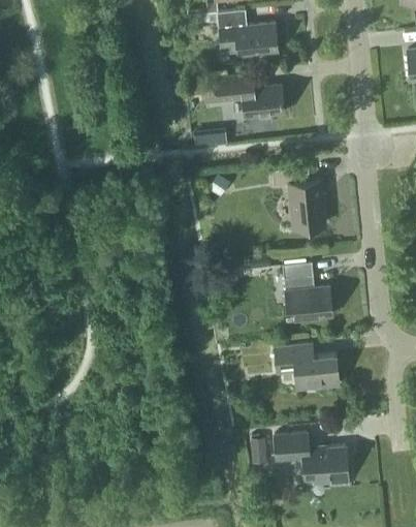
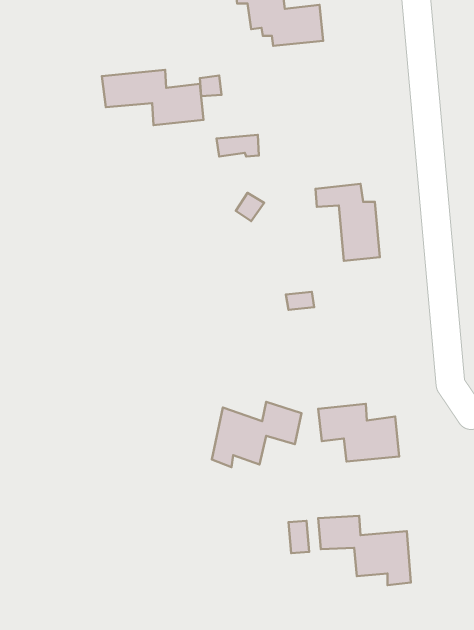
building: [202,72,284,117] -> [102,70,204,125]
building: [282,261,331,319] -> none
building: none -> [212,402,302,467]

